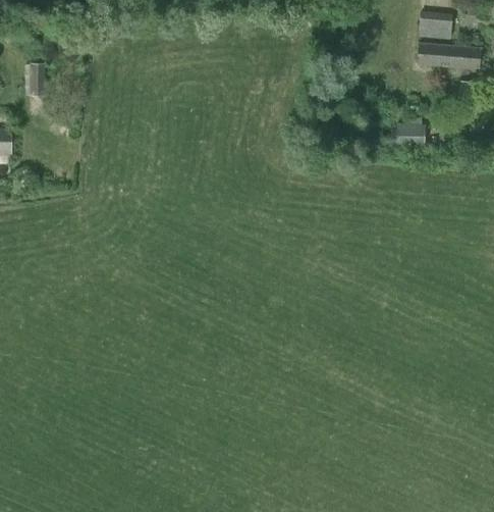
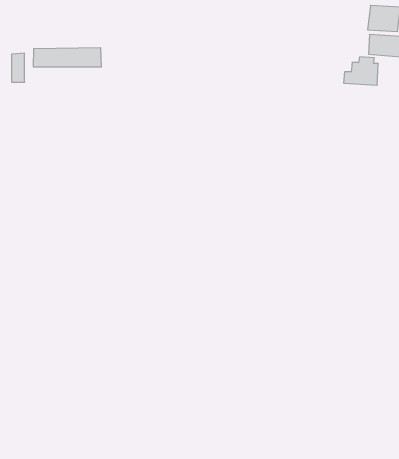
building: none -> [33,48,101,67]
building: [387,117,425,148] -> [344,57,378,85]

